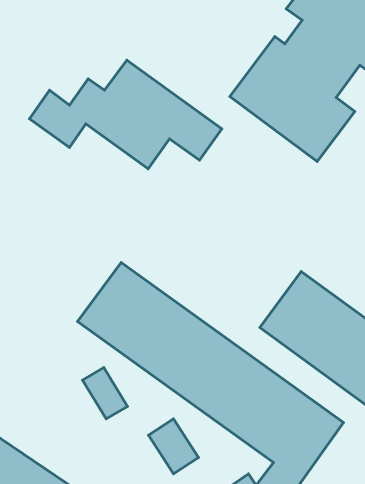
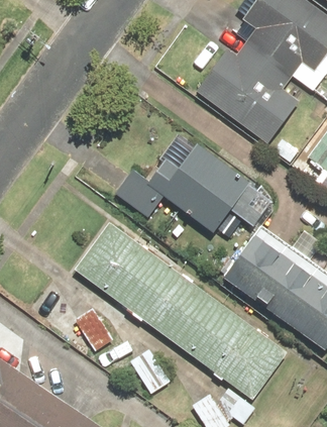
building: [30,60,222,169] -> [117,145,272,233]

